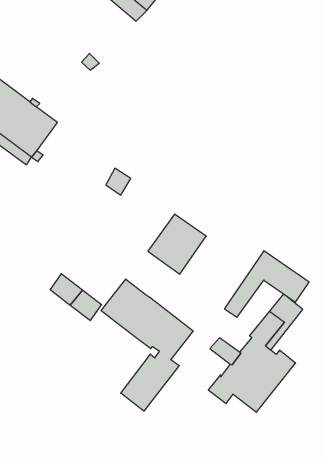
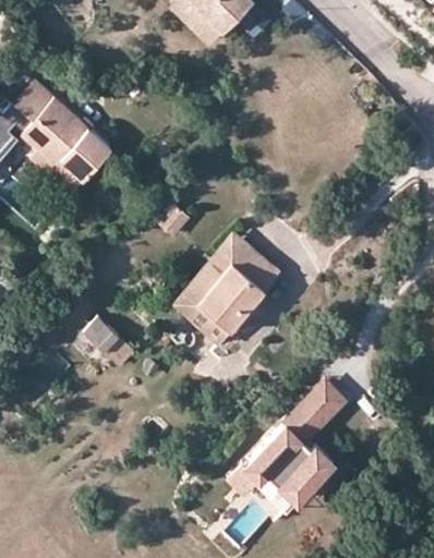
building: [225,251,309,317] -> [182,232,279,303]
building: [101,279,193,411] -> none

